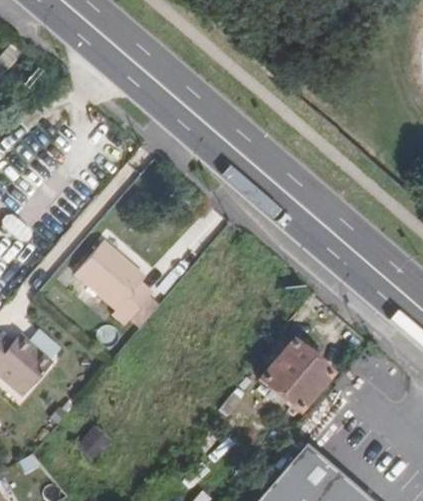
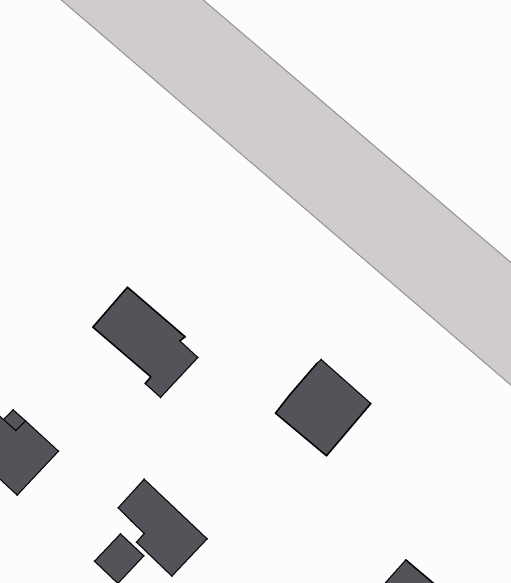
building: [262,341,332,412] -> [276,359,371,456]
building: none -> [118,479,207,576]

